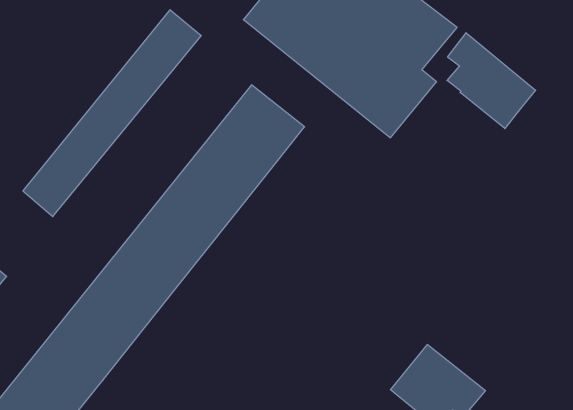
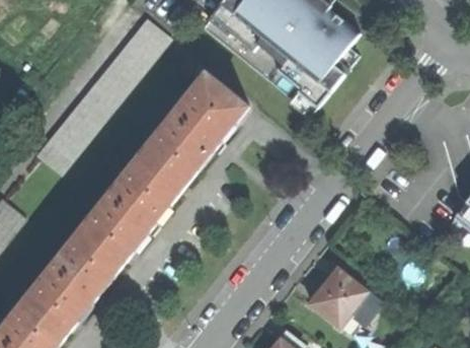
building: [447,33,536,129] -> none

